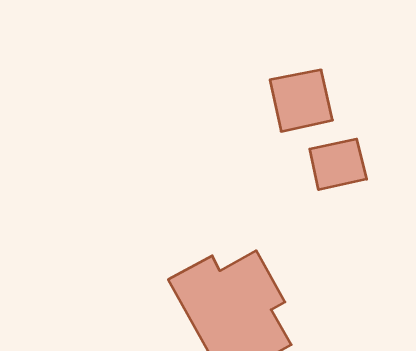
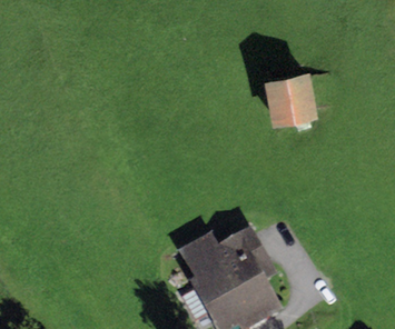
building: [310,139,367,190] -> none

